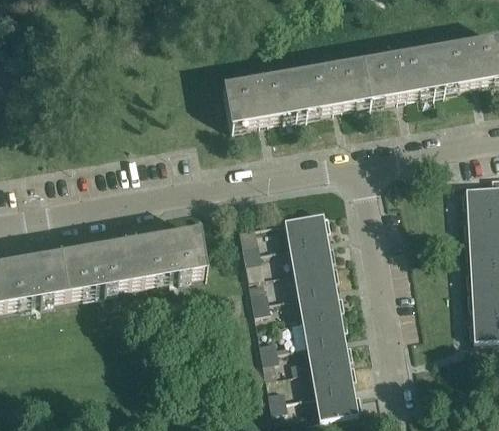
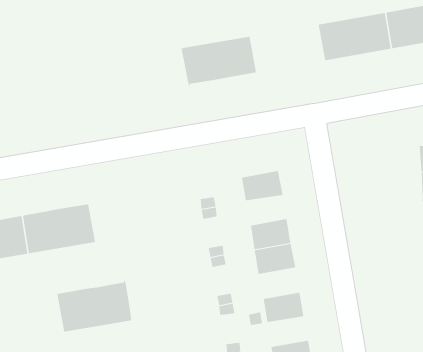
building: [293,58,369,107] -> none
building: [129,224,206,280] -> [57,277,132,332]
building: [288,232,331,263] -> none
building: [301,306,344,338] -> none
building: [310,356,353,387] -> none

